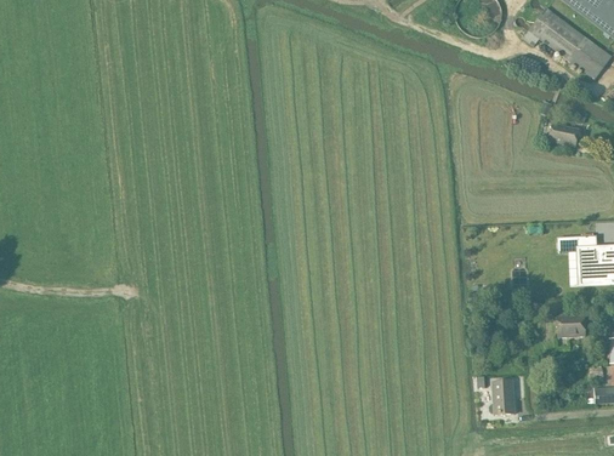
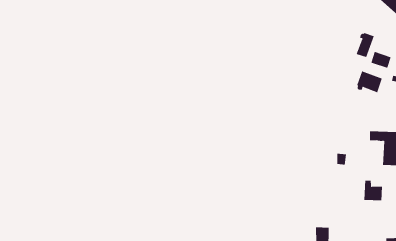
building: none -> [356,32,374,58]
building: none -> [357,70,383,93]

